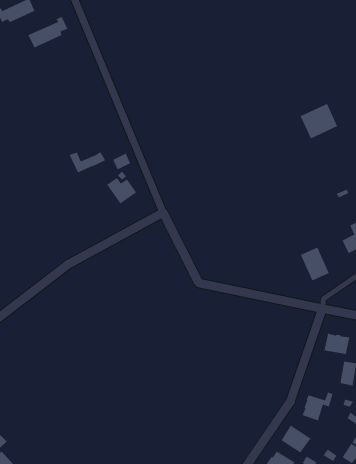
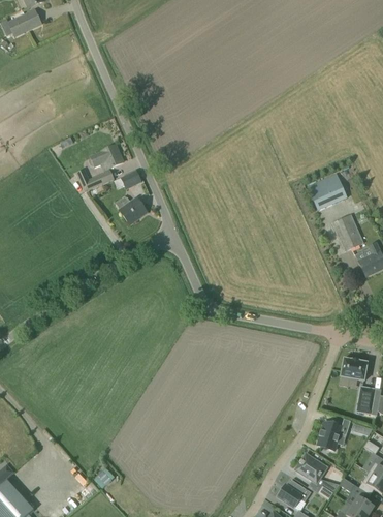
building: [27,16,68,49] -> none
building: [299,103,338,140] -> [307,173,347,211]
building: none -> [89,145,123,171]
building: [300,247,330,281] -> [330,215,361,251]

